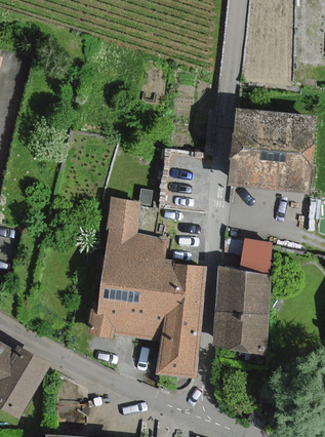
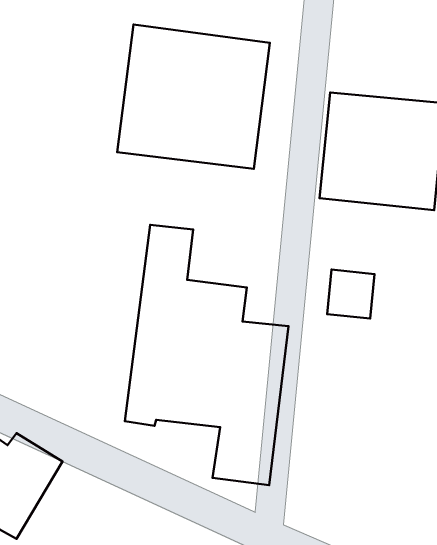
building: none -> [117,24,270,169]
building: [215,265,269,353] -> none

